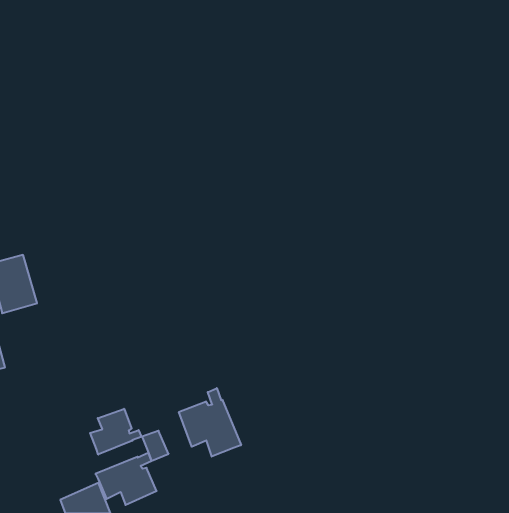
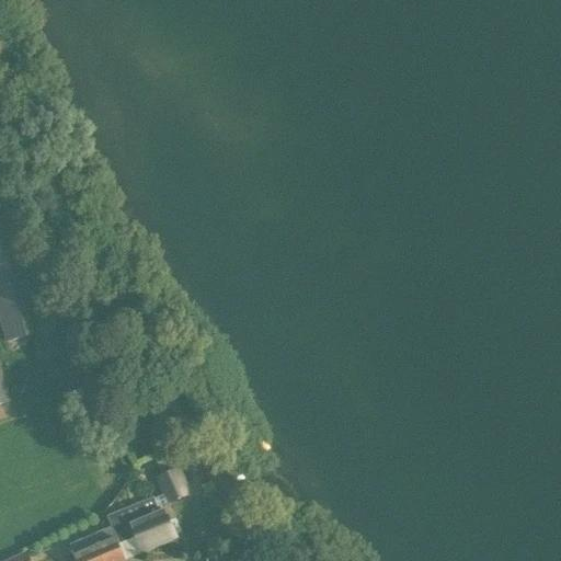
building: [179,388,241,457] -> none
building: [90,409,142,455] -> none

